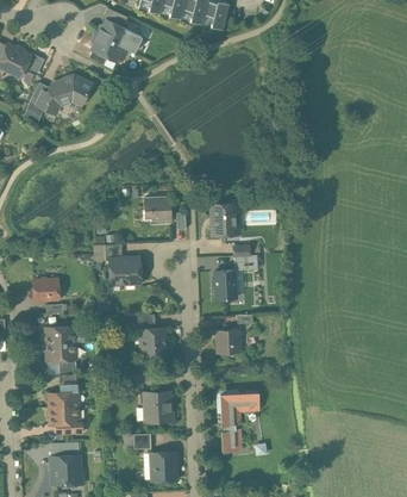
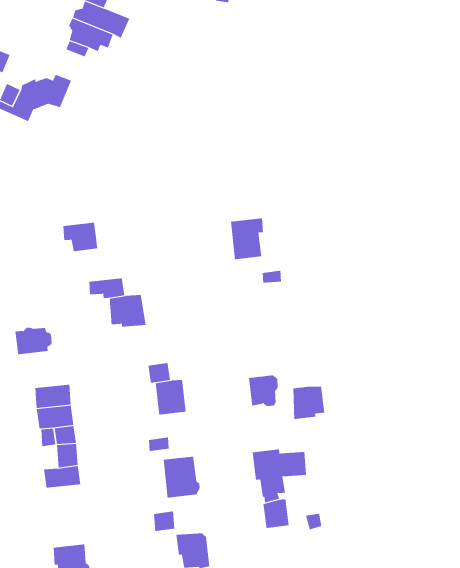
building: [144,198,171,220] -> [62,222,98,252]
building: [214,272,236,300] -> none
building: none -> [293,386,325,420]
building: [49,408,81,434] -> none

